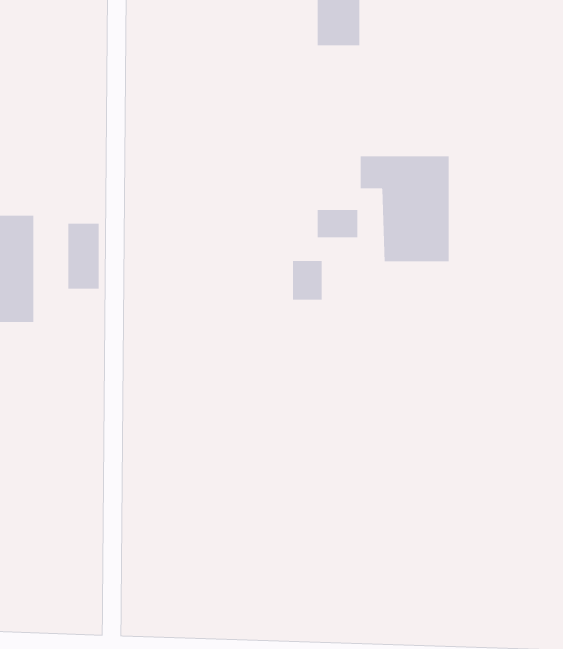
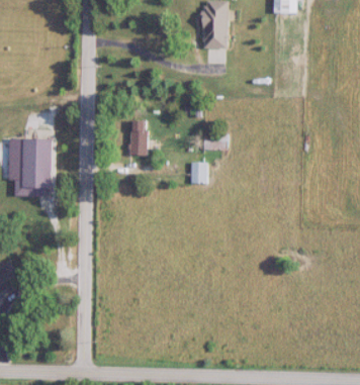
building: [360,156,449,262] -> none
building: [67,223,99,289] -> [130,120,148,156]

